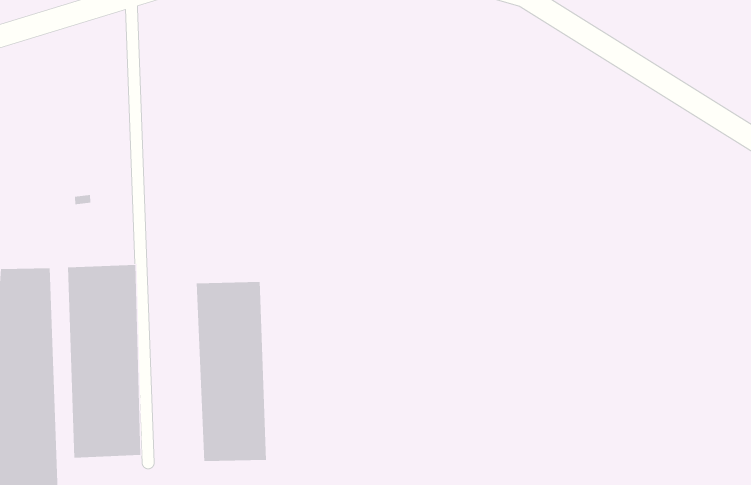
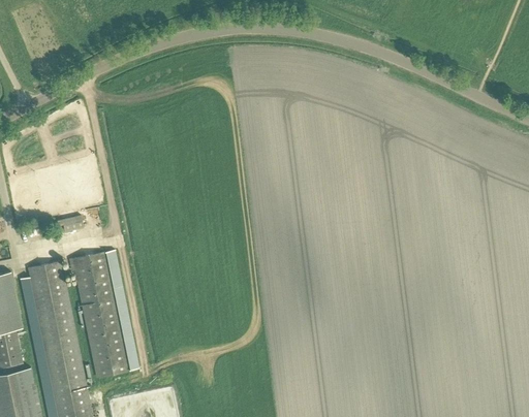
building: [196,281,266,462] -> none

